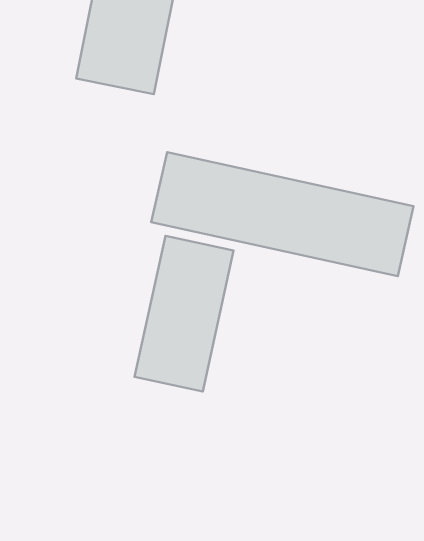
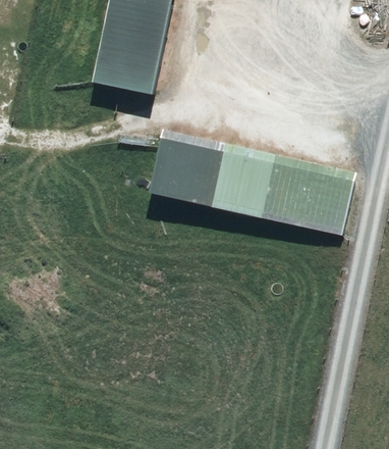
building: [134,236,234,391] -> none

